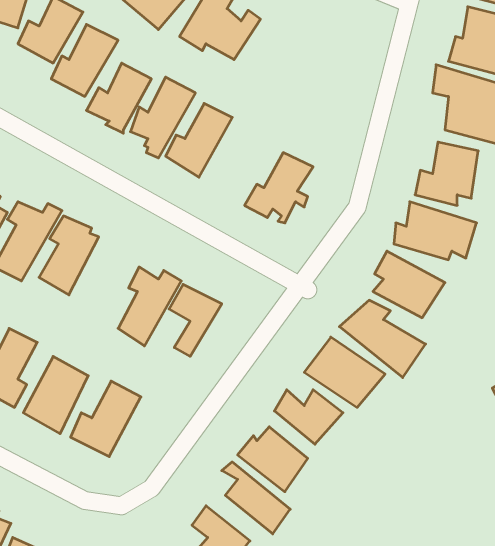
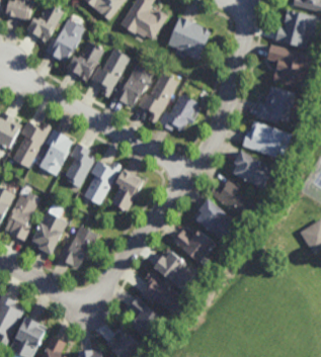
building: none -> [166,20,208,61]
building: none -> [139,73,178,124]
building: none -> [64,145,95,189]

